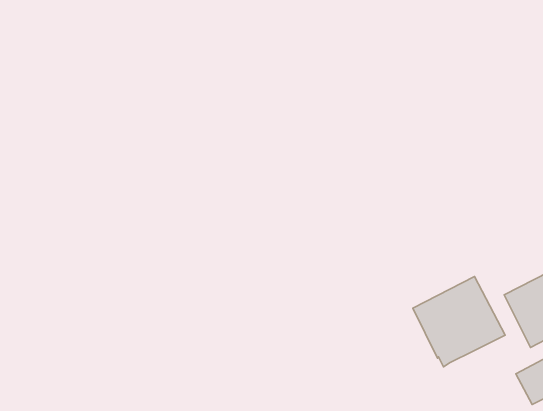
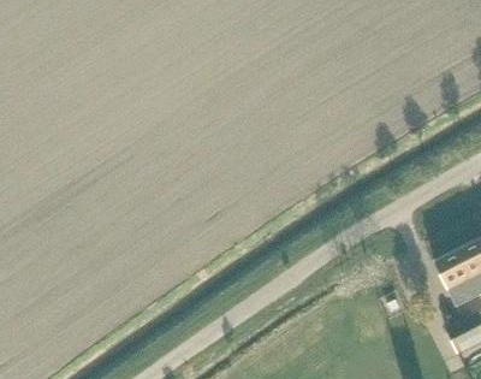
building: [413,276,505,367] -> none

